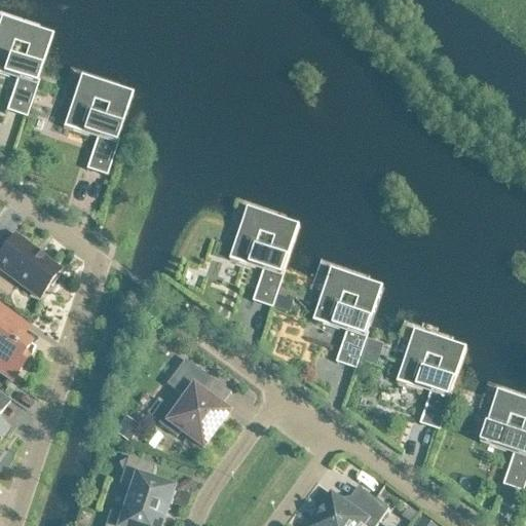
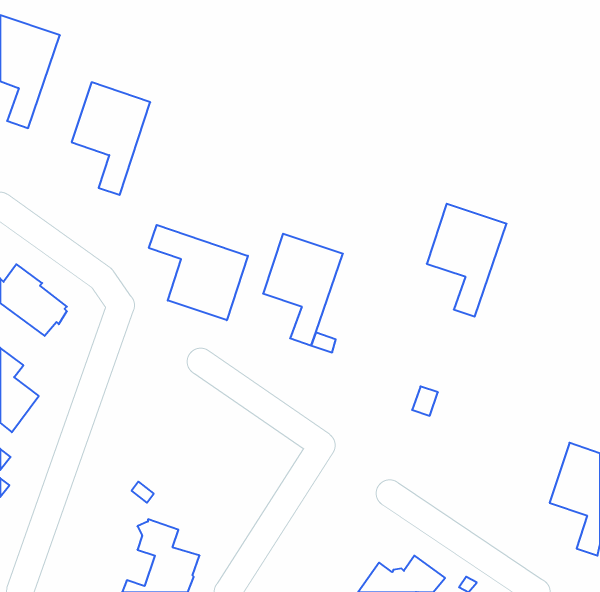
building: none -> [149,225,248,320]
building: [313,265,383,364] -> [427,204,507,317]
building: [397,327,466,425] -> none
building: [160,356,229,444] -> none

